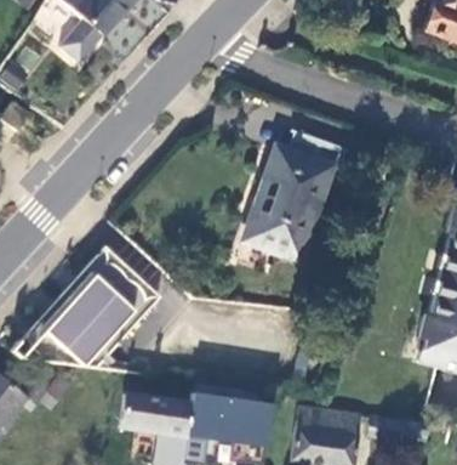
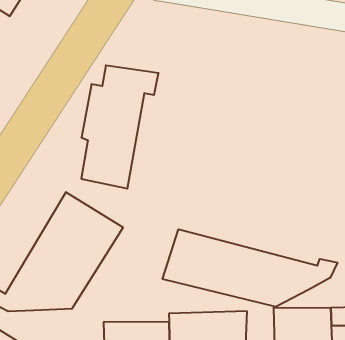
building: [250,131,348,262] -> [81,65,159,189]
building: none -> [163,229,337,307]

